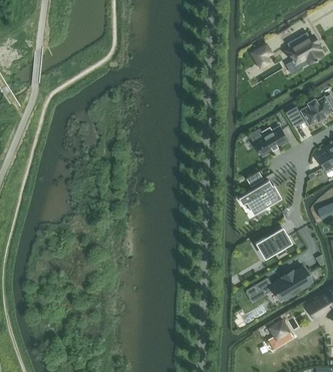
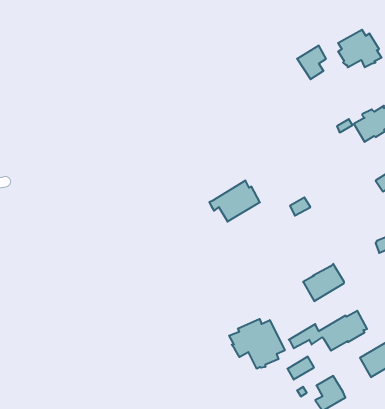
building: [251,124,288,156] -> none
building: [239,179,281,214] -> [209,181,260,222]
building: none -> [229,319,285,369]

